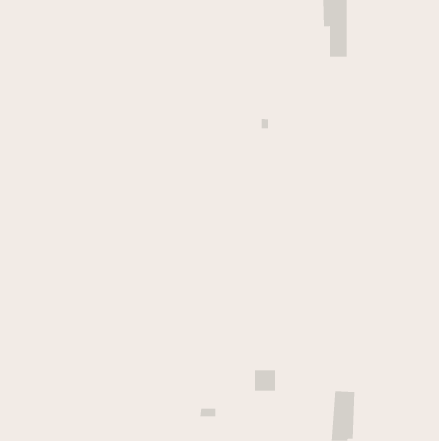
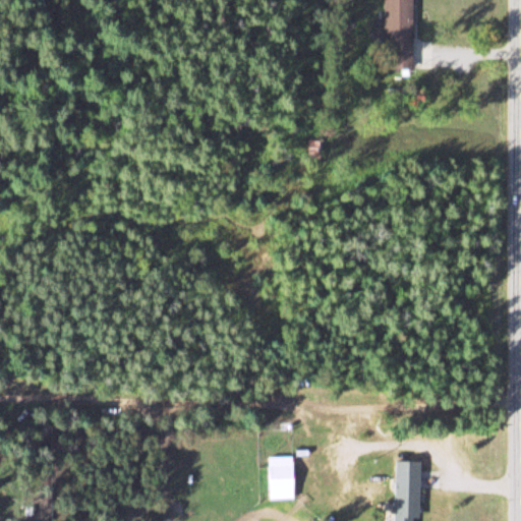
building: [254,370,276,391] -> [269,465,294,490]

